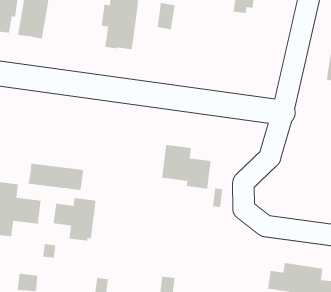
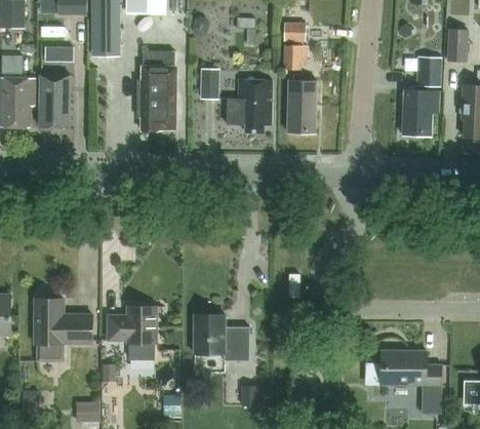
building: none -> [226,79,271,131]
building: none -> [287,73,316,132]
building: [161,144,211,189] -> [194,314,249,360]
building: [28,163,84,191] -> none

